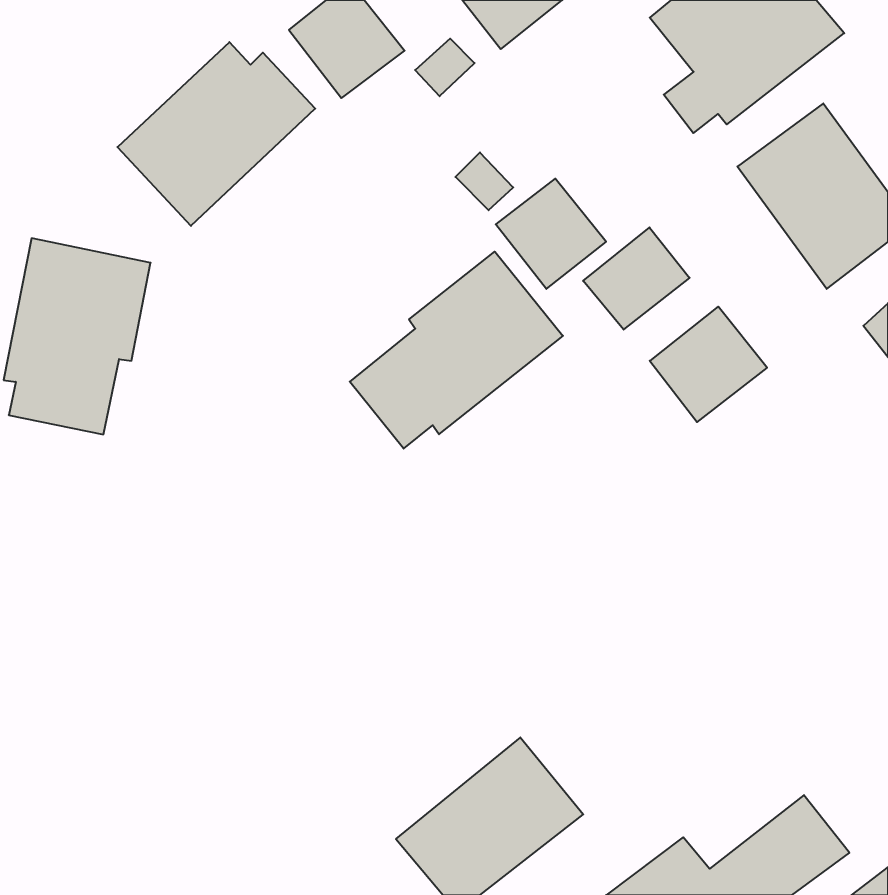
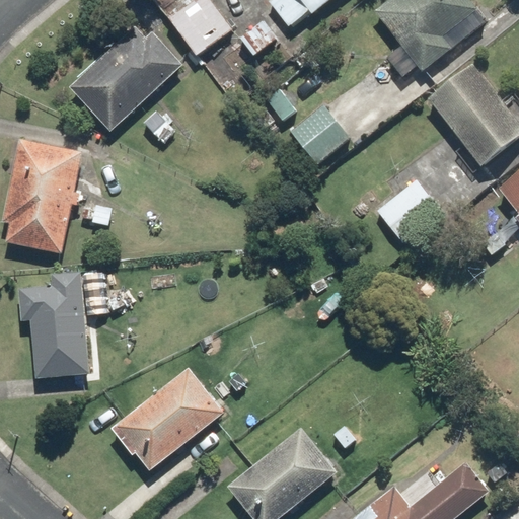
building: [583,227,690,330] -> none
building: [350,252,563,449] -> none
building: none -> [17,272,105,377]
building: none -> [113,368,224,472]

